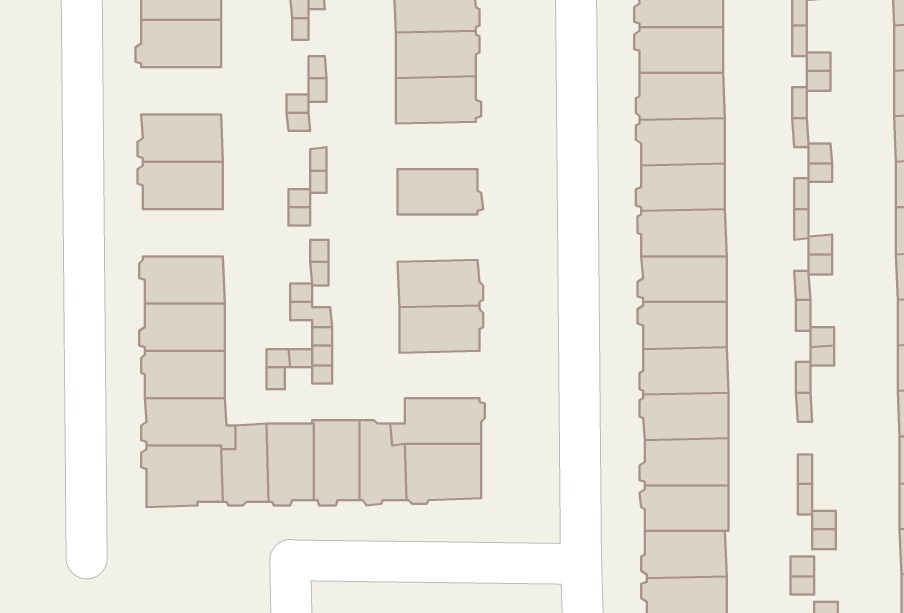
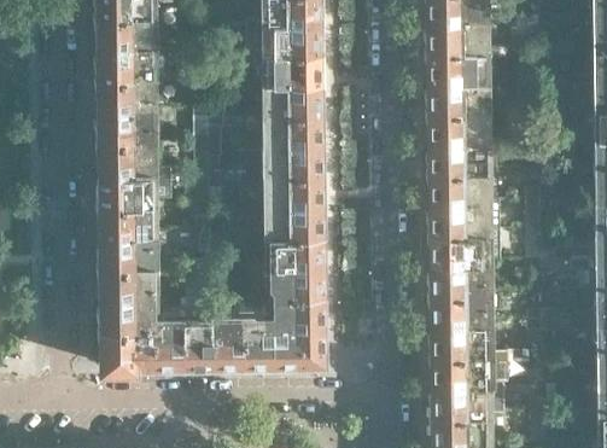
building: none -> [95,83,152,115]
building: none -> [267,120,323,151]
building: none -> [97,178,152,209]
building: none -> [268,181,325,213]
building: none -> [269,272,326,303]

